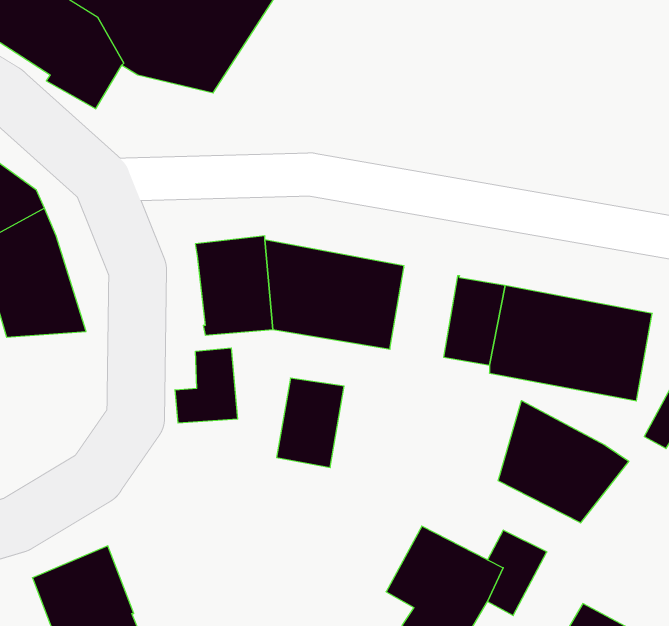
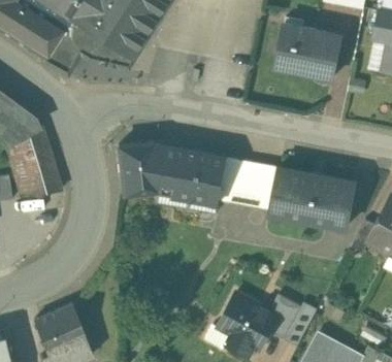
building: none -> [276,24,341,77]
building: [175,348,238,423] -> none
building: [277,378,344,468] -> [220,158,255,204]
building: [498,401,629,523] -> none

